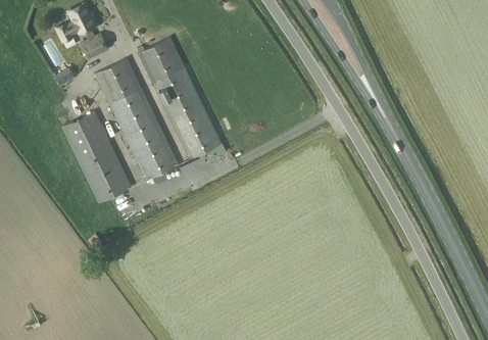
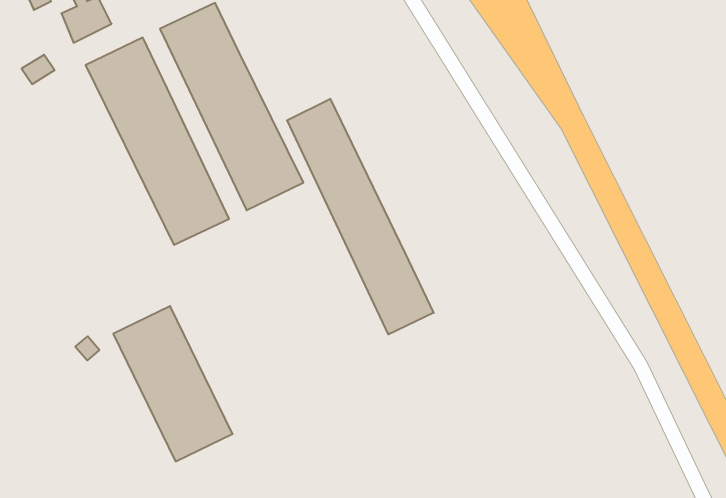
building: none -> [287,99,434,334]
building: [61,111,132,203] -> [113,306,233,461]

